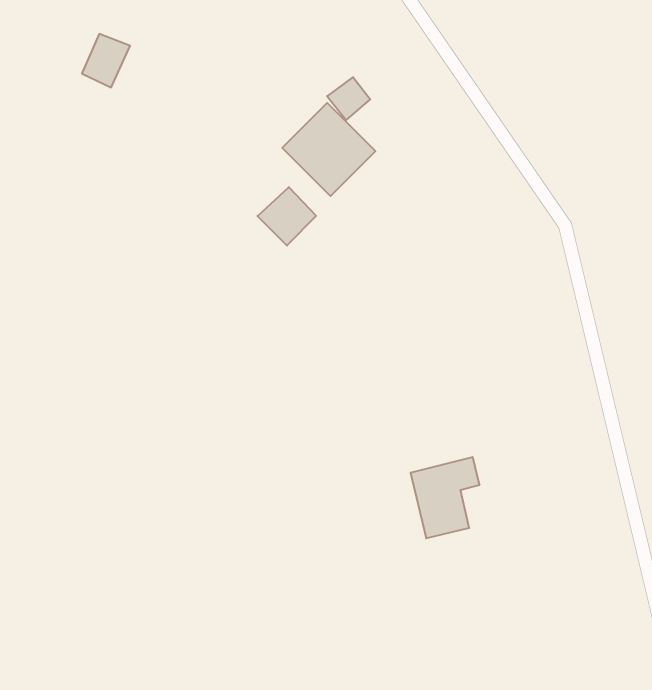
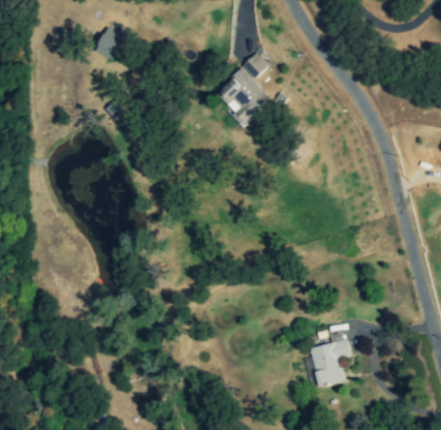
building: [257,187,316,246] -> none
building: [411,457,480,538] -> [309,338,350,387]

